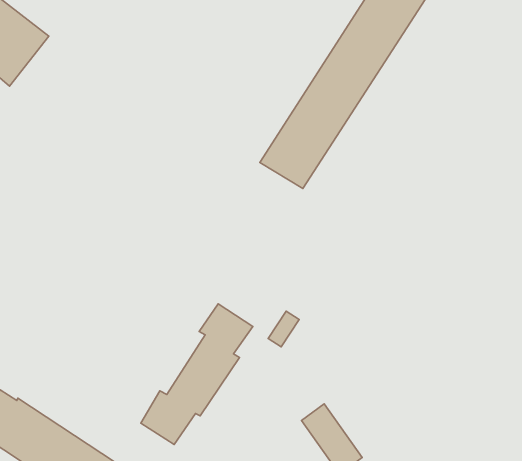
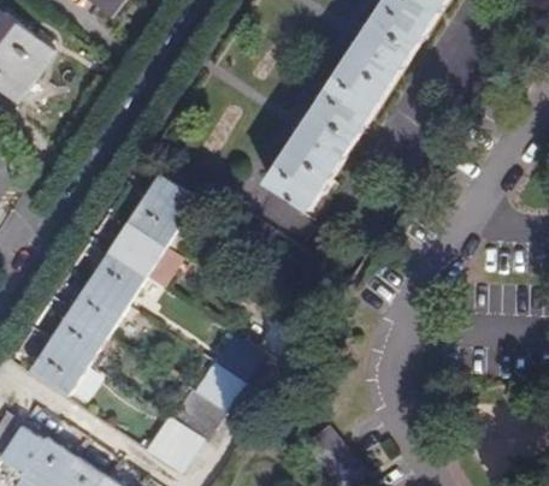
building: none -> [30,173,200,393]

